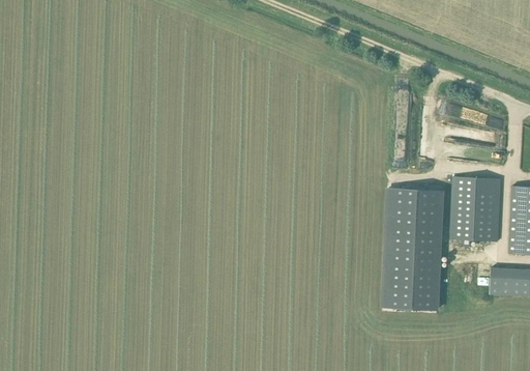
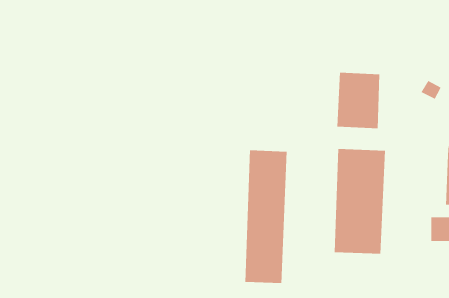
building: [451,177,501,241] -> [336,72,380,129]
building: none -> [245,150,287,284]

